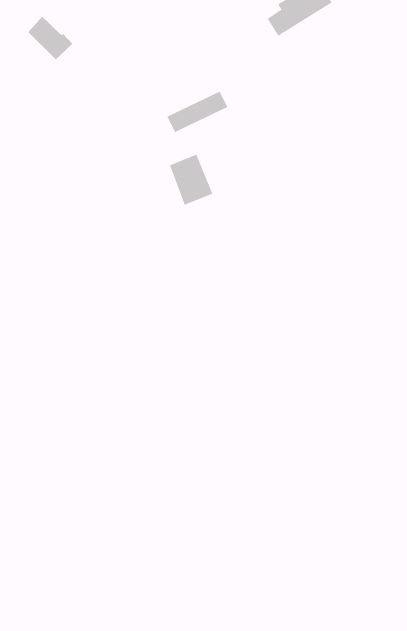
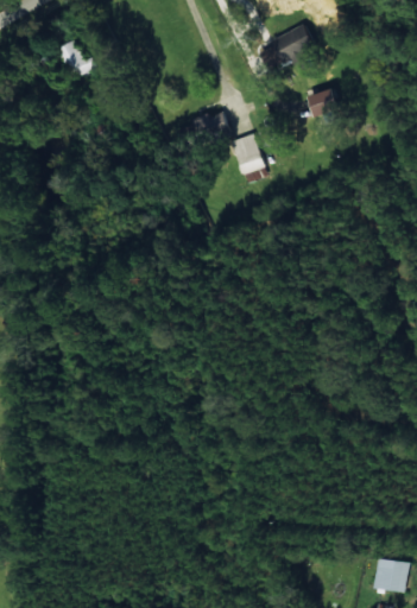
building: none -> [312,89,342,118]
building: [169,154,213,205] -> [229,134,265,177]

